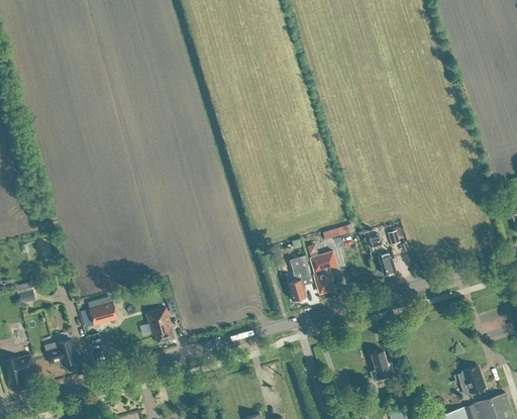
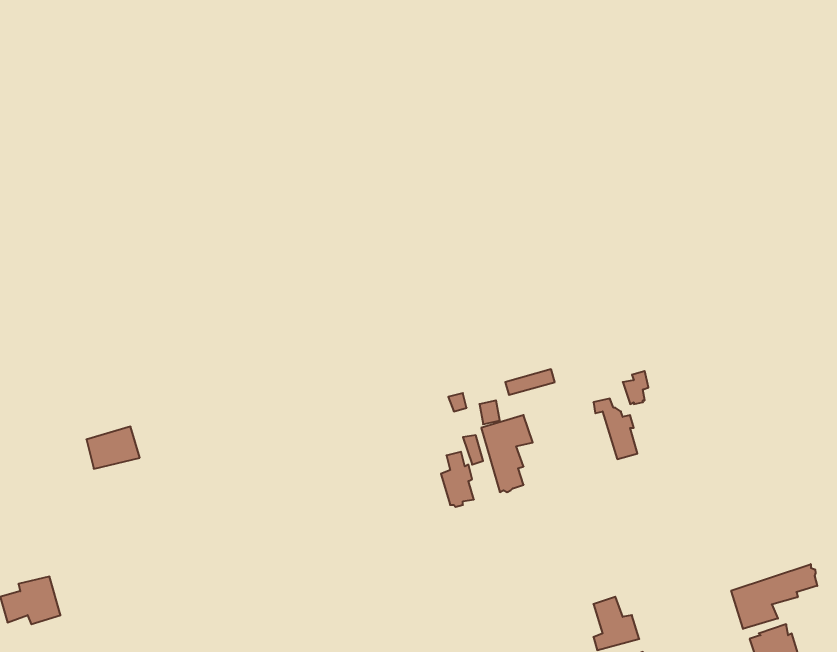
building: [91,300,120,323] -> [86,427,140,469]
building: [146,307,176,343] -> none
building: none -> [731,564,817,629]

